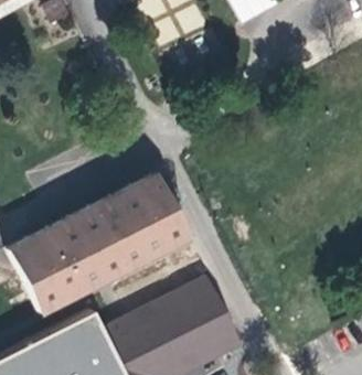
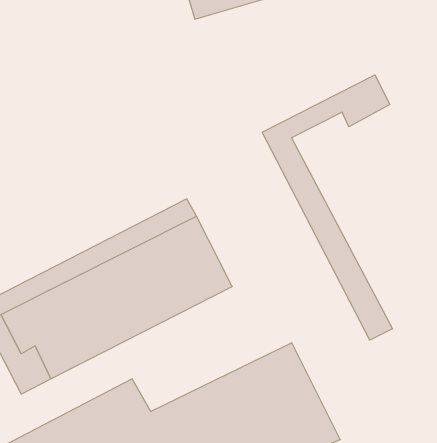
building: none -> [262,75,392,340]

